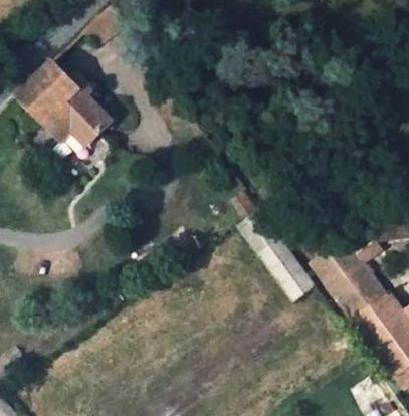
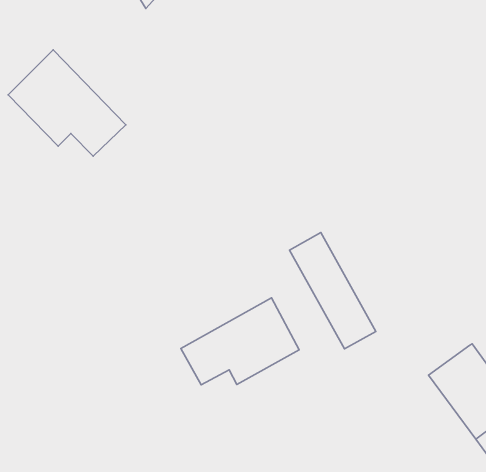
building: [311,233,392,322] -> none
building: none -> [181,298,299,385]

